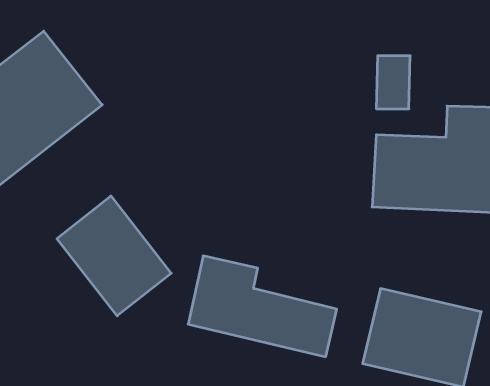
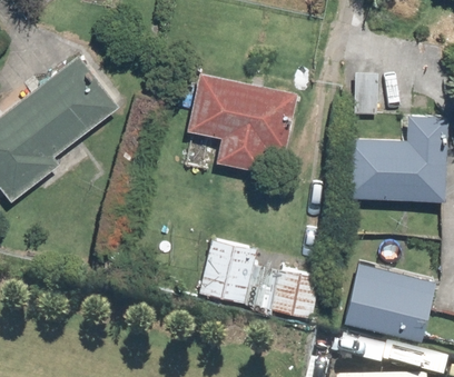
building: none -> [186,72,298,177]
building: [57,196,171,316] -> none

